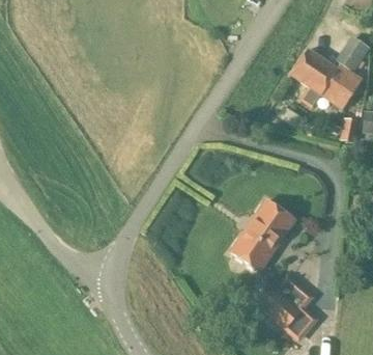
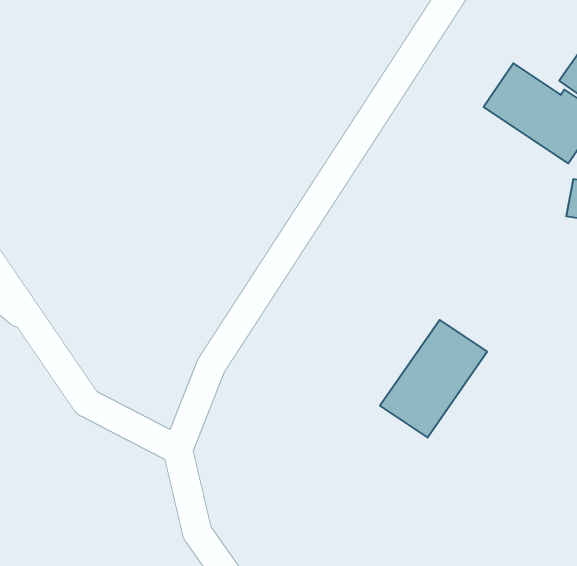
building: [262,279,312,337] -> none

